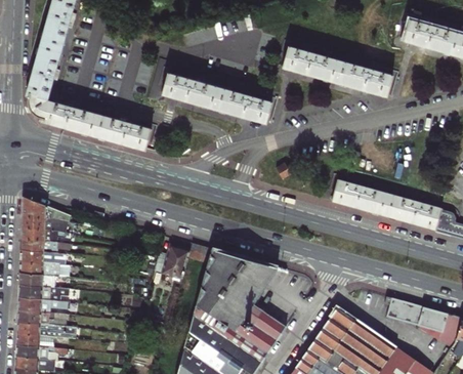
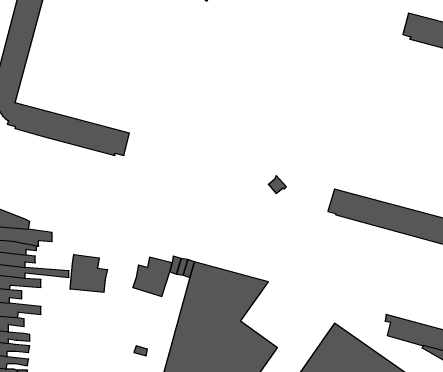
building: [280,46,390,95] -> none
building: [161,74,270,122] -> none
building: none -> [70,254,108,292]

